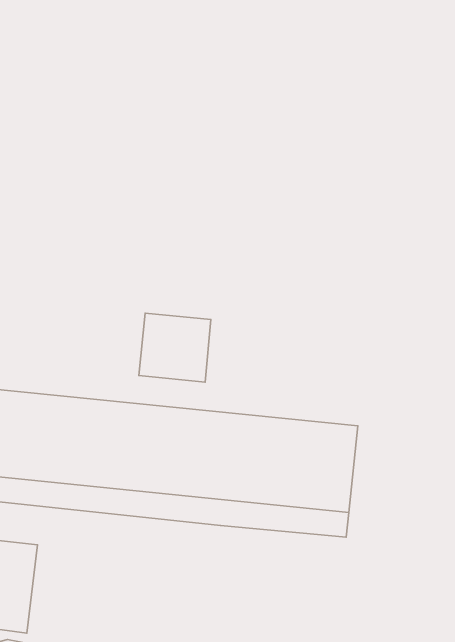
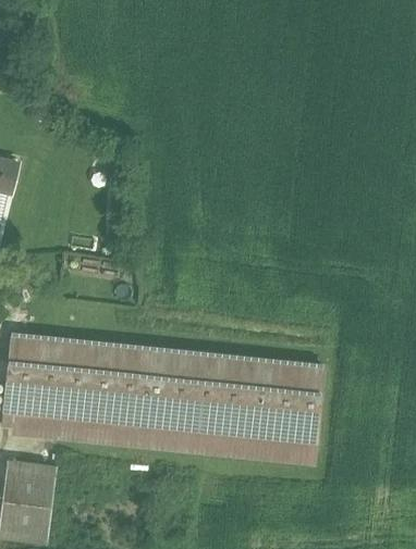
building: [139,313,211,382] -> none

